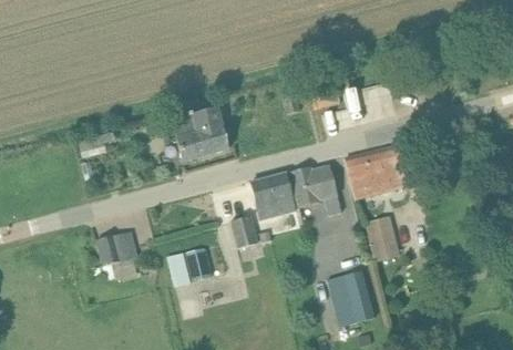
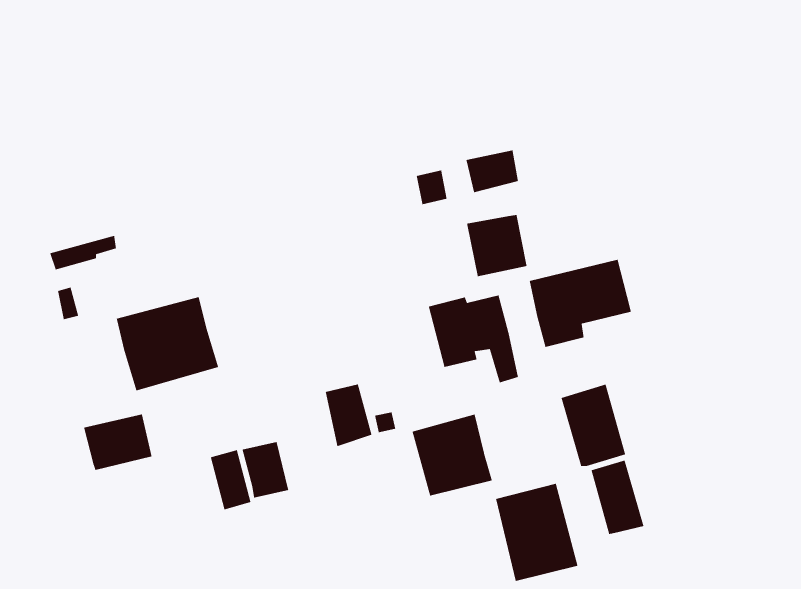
building: [173,109,230,162] -> [116,296,219,391]
building: none -> [466,214,528,277]
building: [252,172,297,218] -> [412,413,493,497]
building: none -> [590,460,644,535]

